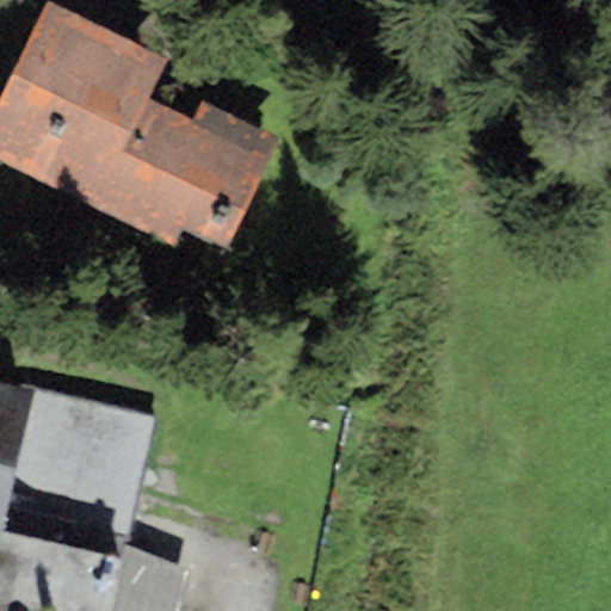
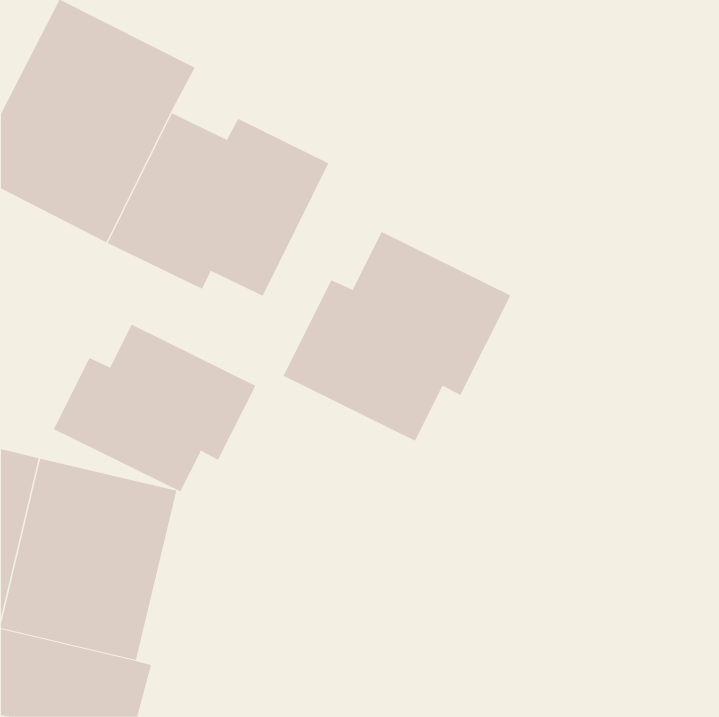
building: none -> [283,231,511,441]
building: none -> [53,324,256,492]

